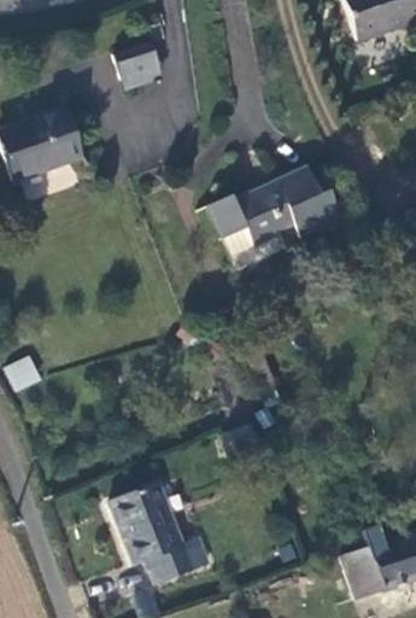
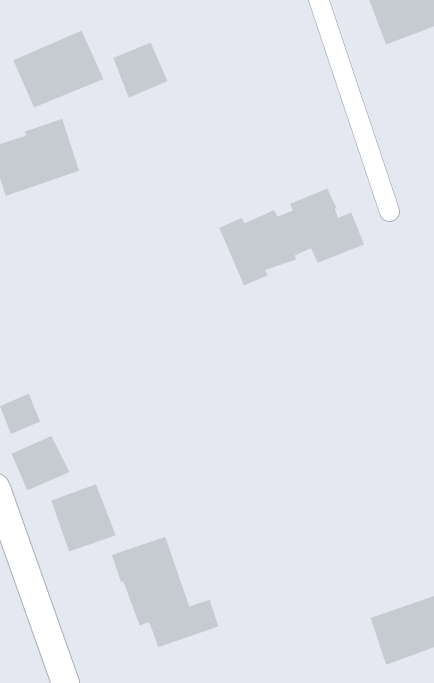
building: none -> [12,30,104,109]
building: none -> [10,435,70,491]
building: none -> [50,483,117,553]

